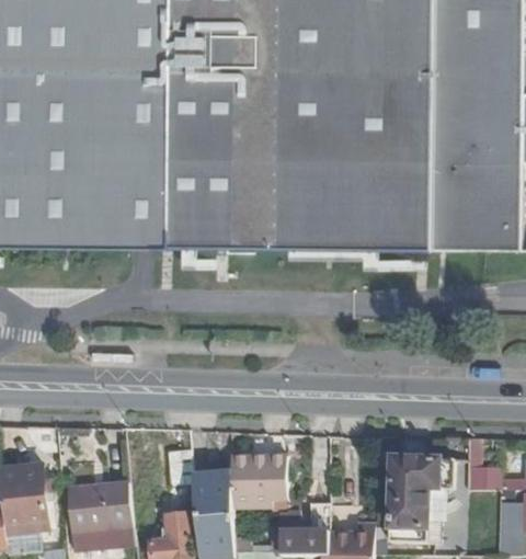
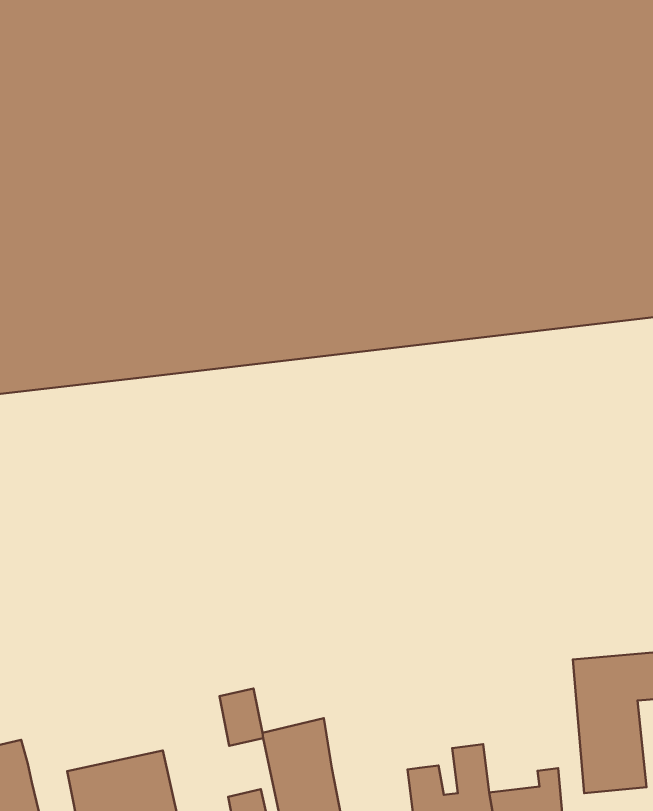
building: [229,455,286,513] -> none

